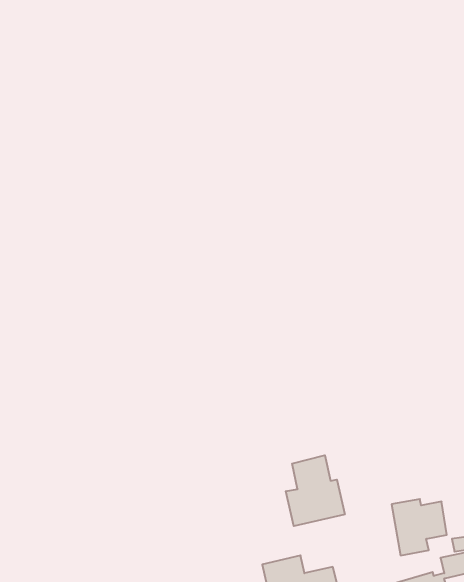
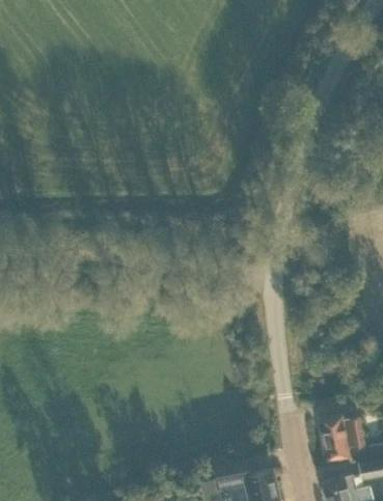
building: [286,455,345,526] -> none

